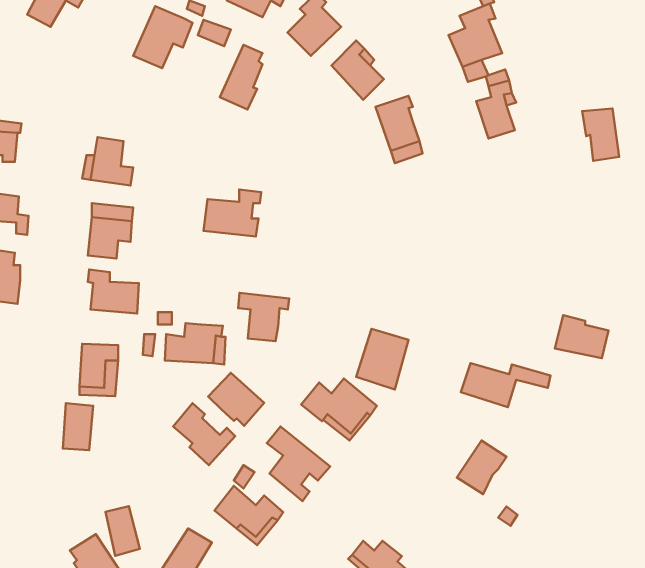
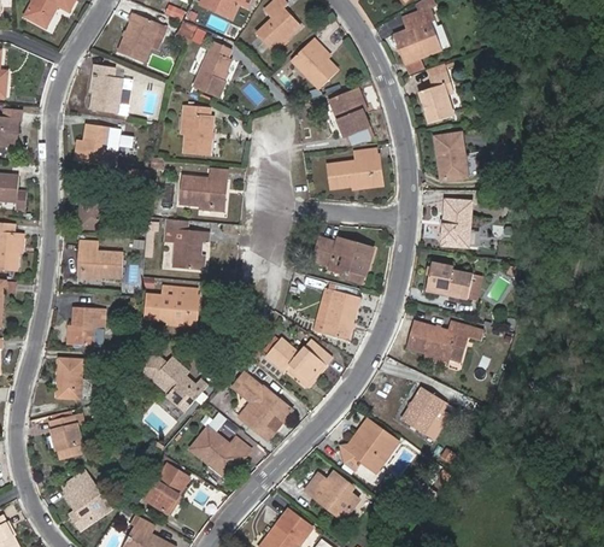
building: none -> [93,64,137,114]
building: [582,109,619,161] -> [435,135,468,181]
building: none -> [183,105,213,155]
building: none -> [329,151,377,189]
building: none -> [442,201,471,248]
building: none -> [315,240,376,278]
building: [238,293,289,341] -> [165,228,210,270]
building: [555,315,609,358] -> [426,263,473,300]
building: [208,373,264,426] -> none
building: none -> [341,422,398,474]
building: [105,506,140,556] -> [51,414,81,458]

